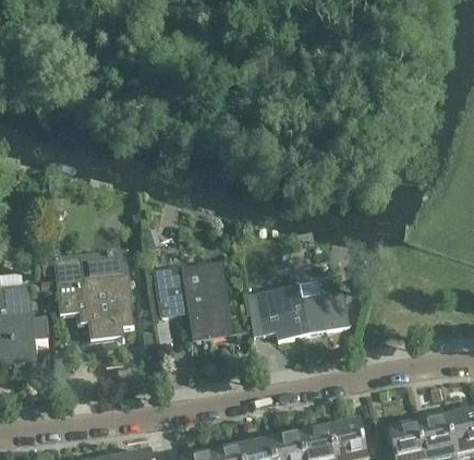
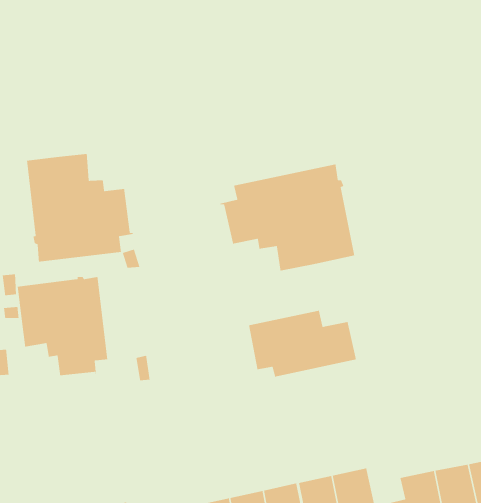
building: none -> [26,153,134,262]
building: none -> [219,163,355,272]
building: [155,264,230,340] -> none

